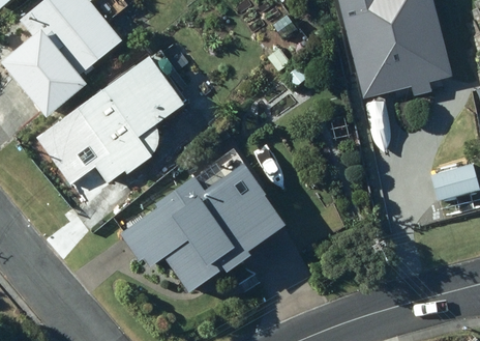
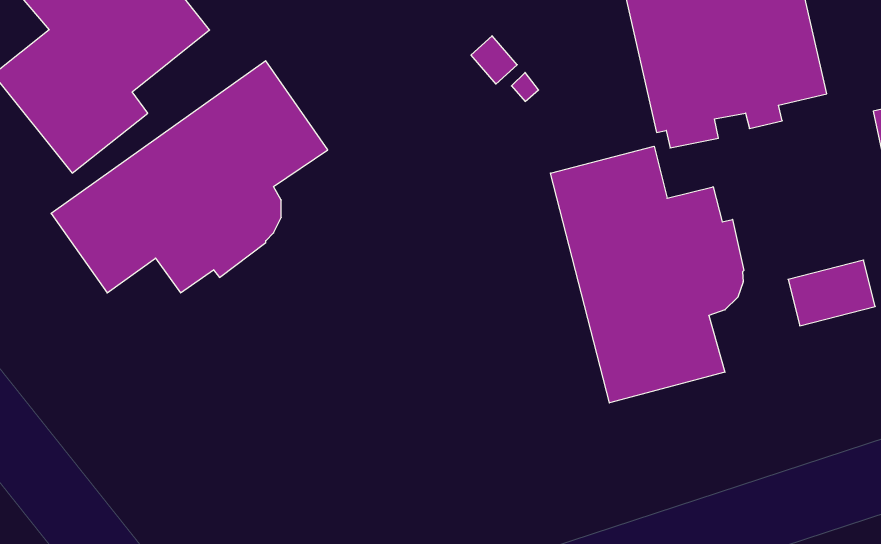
building: none -> [550,146,744,403]
building: [120,165,290,292] -> none

